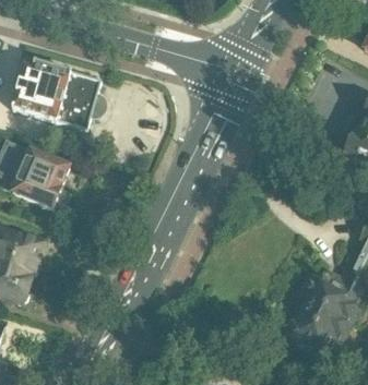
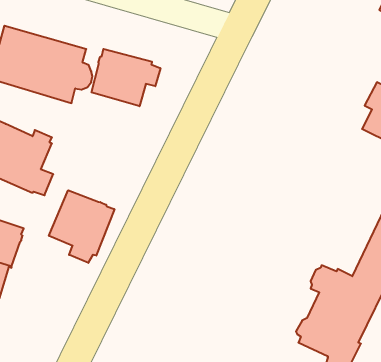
building: none -> [92,49,160,106]
building: none -> [49,190,114,263]

